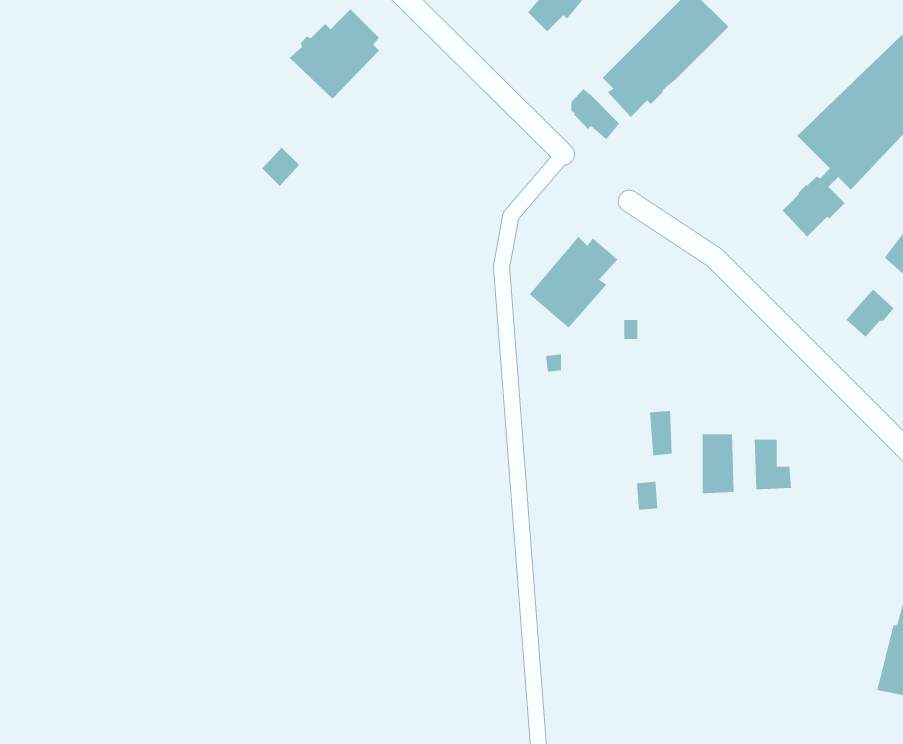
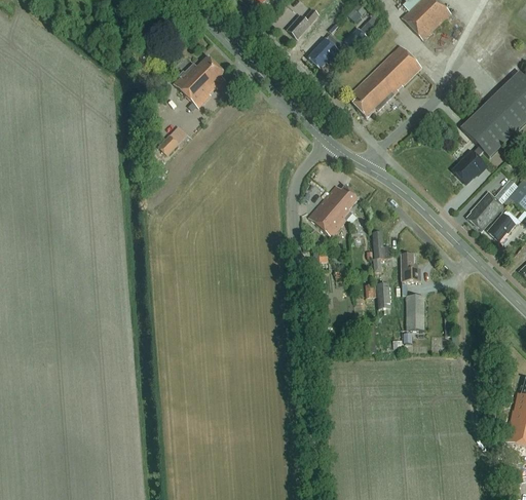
building: [571,88,620,140] -> none
building: none -> [467,191,508,231]
building: none -> [373,231,390,272]
building: [754,439,792,490] -> [401,253,422,281]

